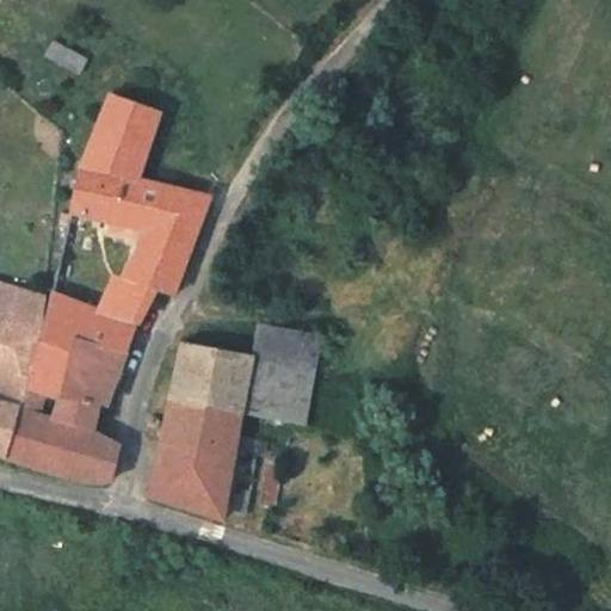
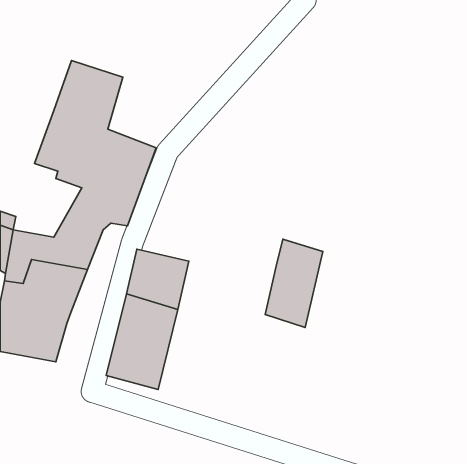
building: [239,315,313,428] -> [265,239,323,328]
building: [82,430,123,482] -> none

